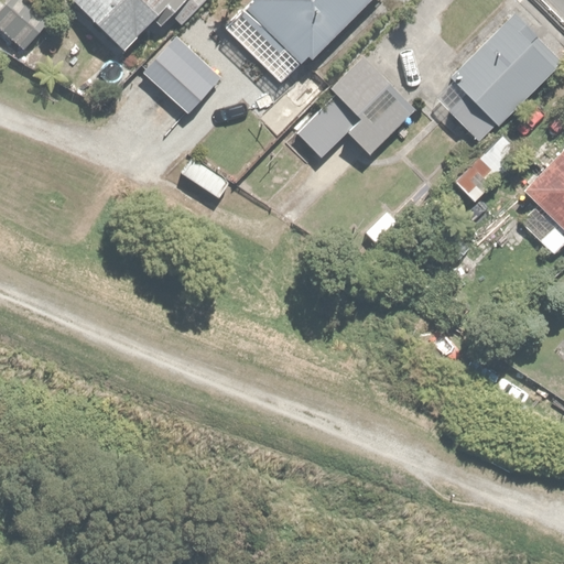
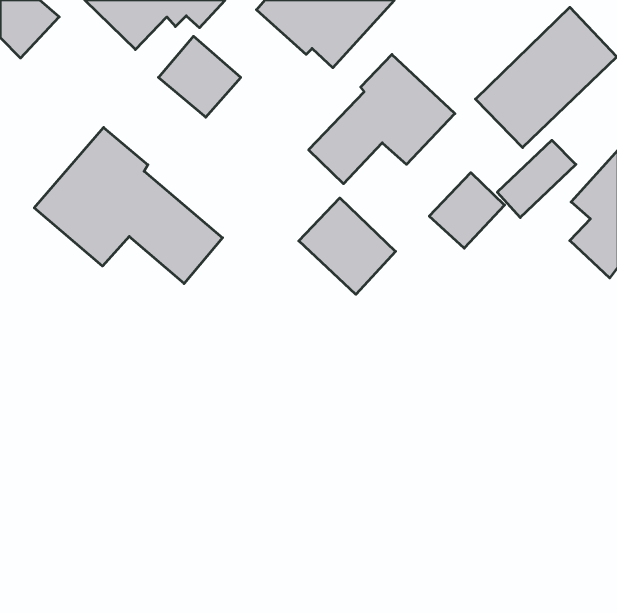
building: none -> [34,127,223,284]
building: none -> [429,173,505,248]
building: none -> [299,198,396,294]

